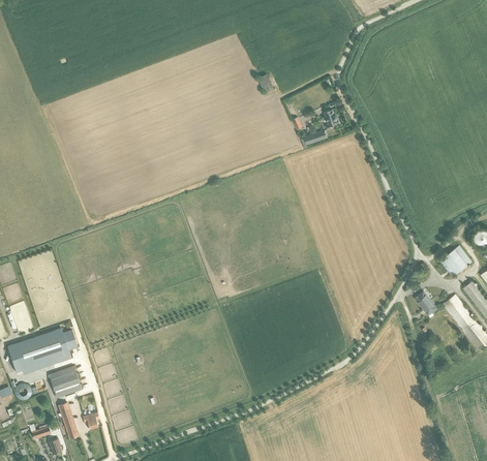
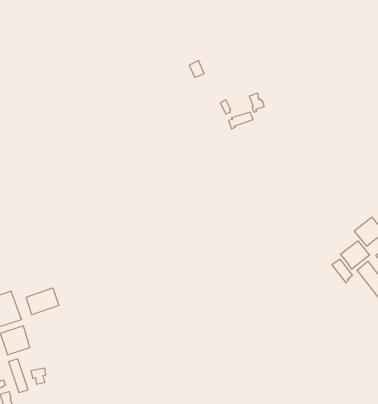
building: none -> [341,241,370,269]
building: none -> [26,288,59,315]

